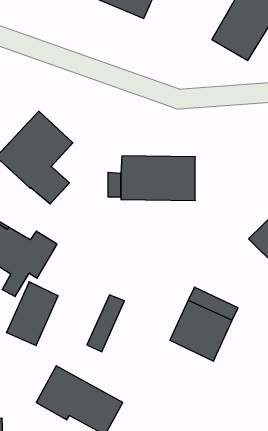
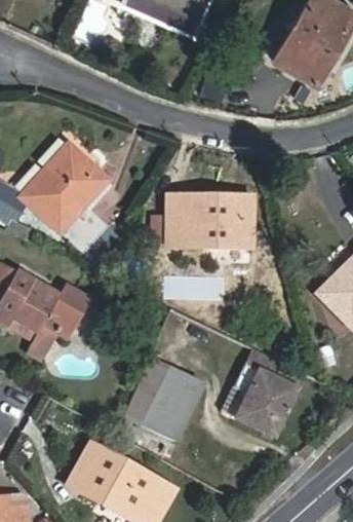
building: [6,282,58,346] -> [143,366,203,441]

